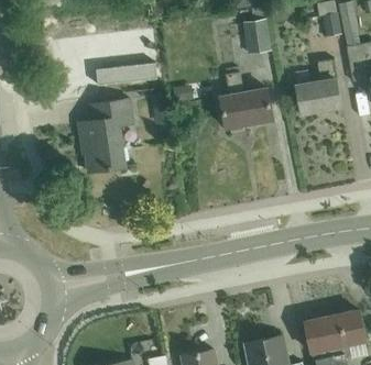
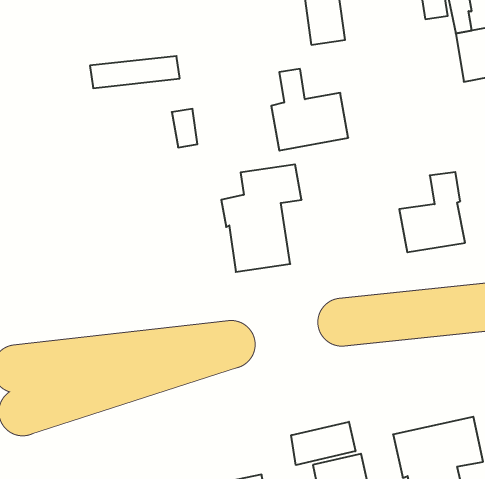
building: [296,59,341,114] -> [399,172,465,252]
building: [78,99,133,173] -> [221,164,302,272]
building: none -> [291,422,355,465]

